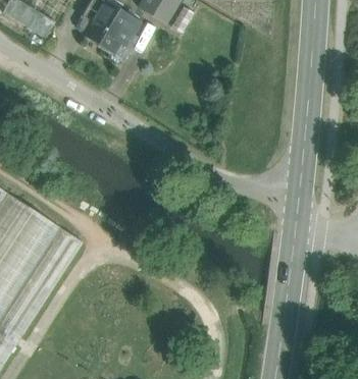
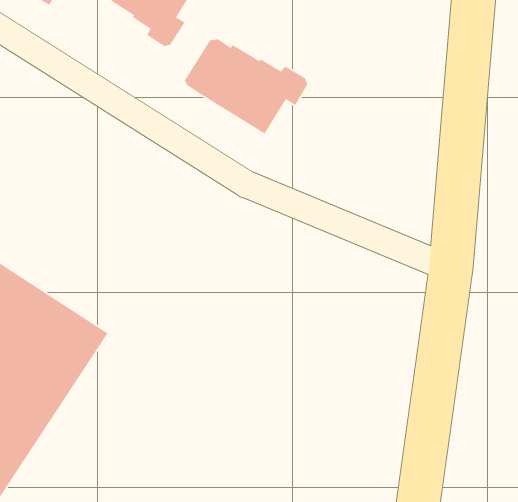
building: none -> [183,39,308,134]

